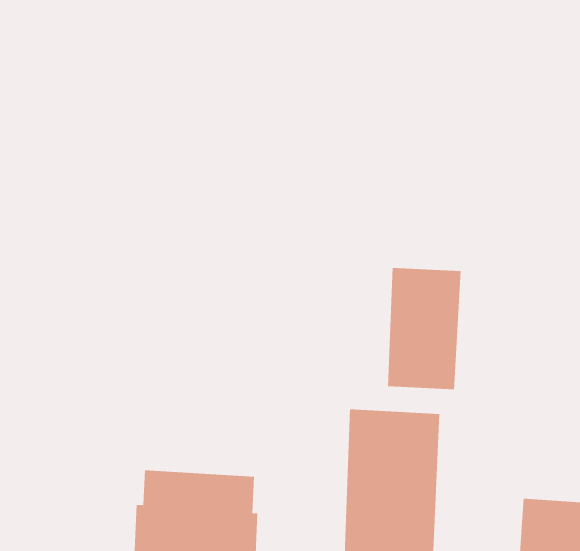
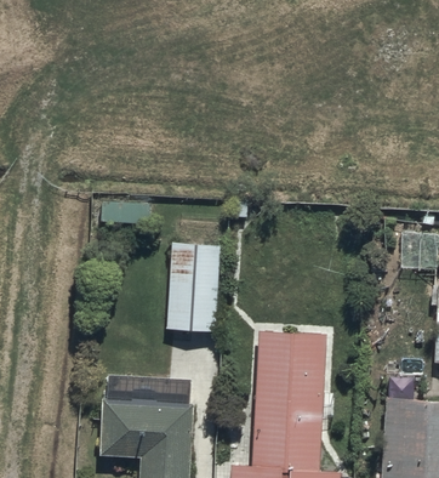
building: [387,268,461,390] -> [166,244,221,334]

